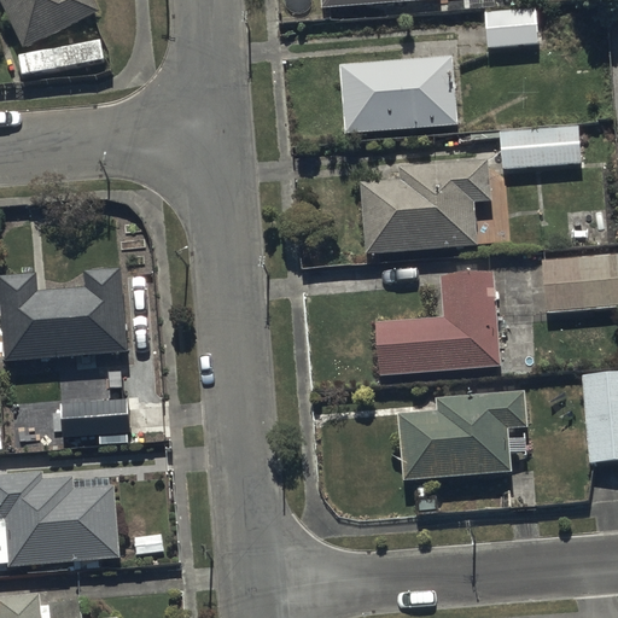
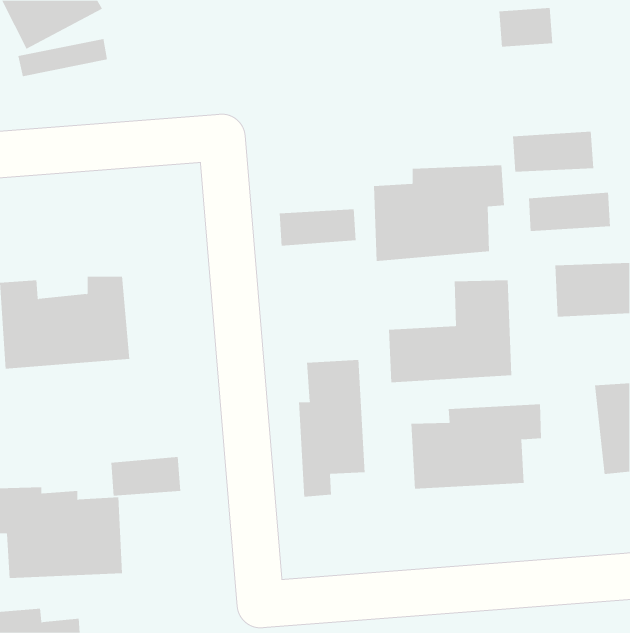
building: [340,58,456,134] -> none
building: none -> [528,192,610,232]
building: none -> [279,208,356,247]
building: none -> [298,359,365,497]
building: [58,400,127,438] -> [110,456,181,496]

